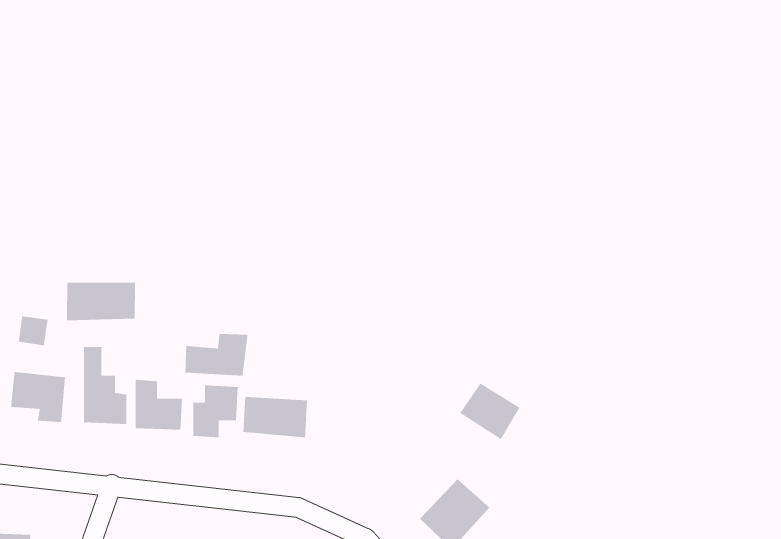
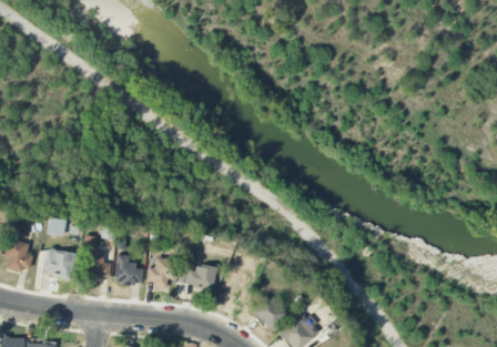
building: [66,282,136,321] -> none
building: [185,333,248,376] -> none
building: [459,382,521,440] -> [251,296,286,329]

